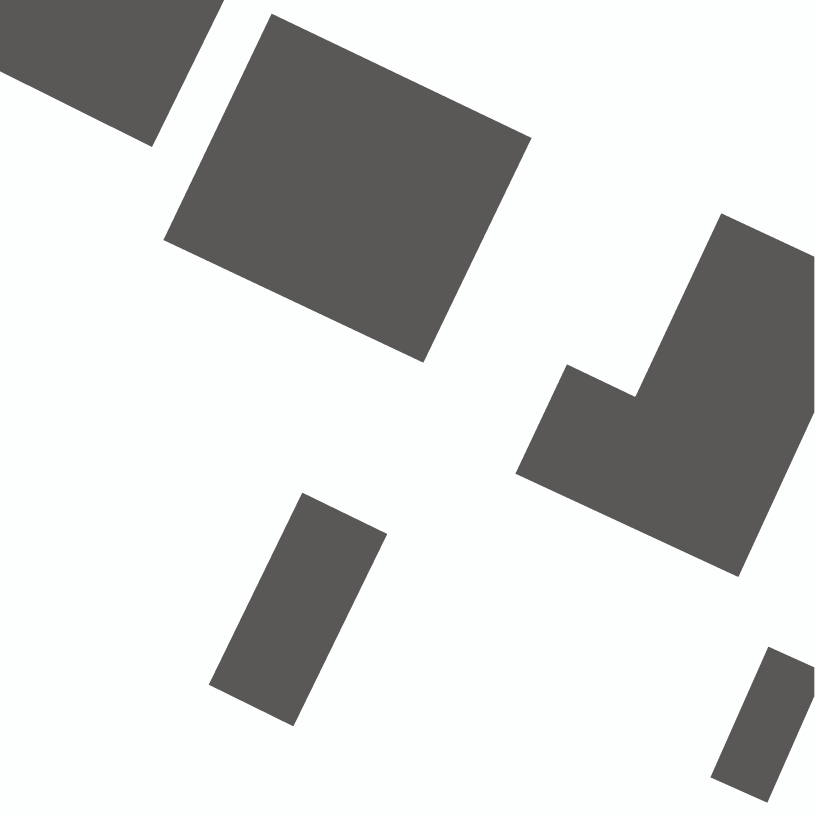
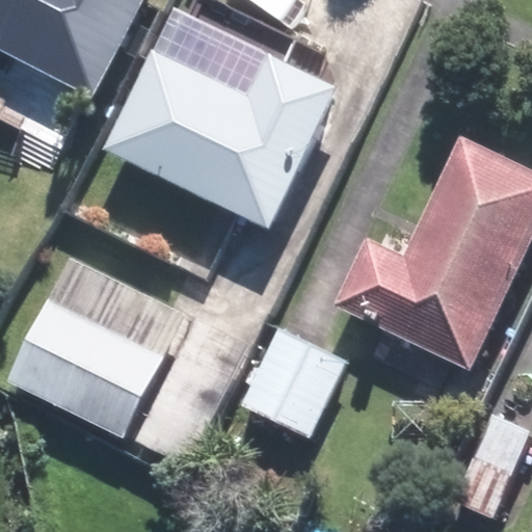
building: none -> [7,257,181,437]
building: none -> [239,325,347,440]

